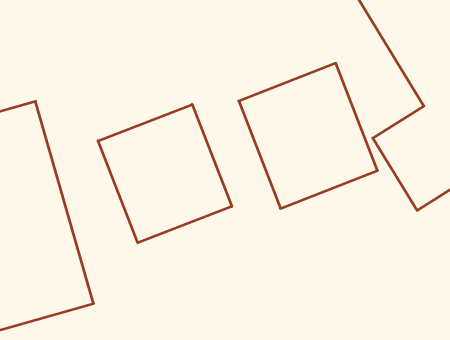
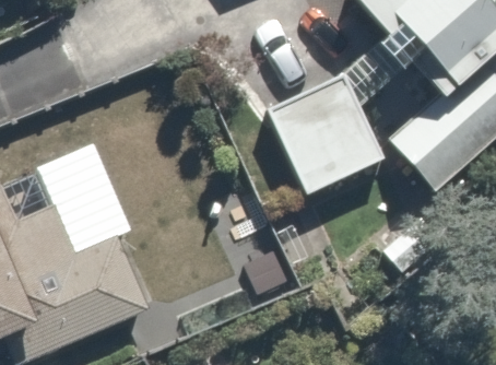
building: [98,104,232,243] -> none

